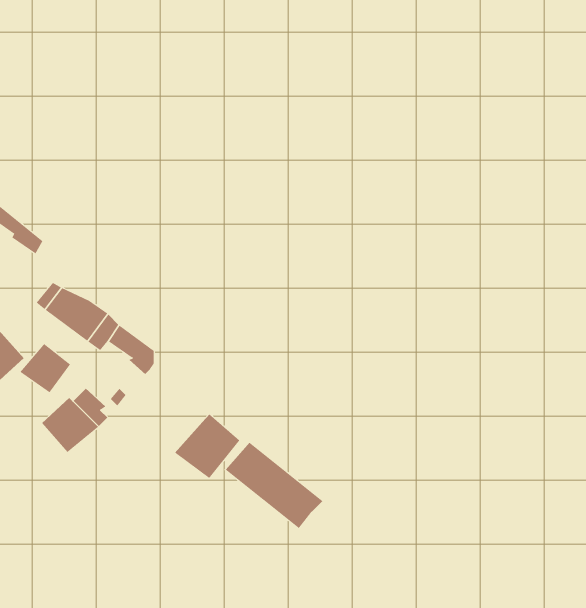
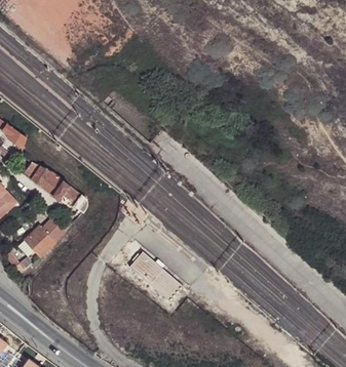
building: [19,343,71,393] -> none
building: [174,413,240,479] -> none

